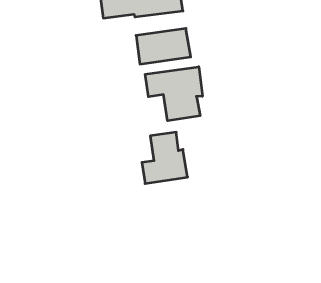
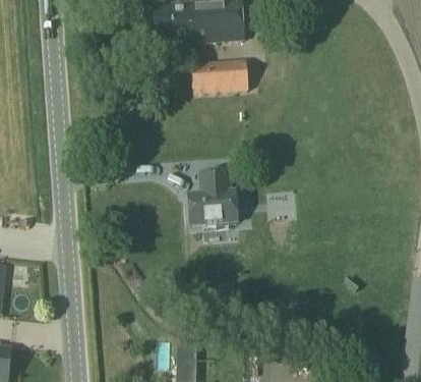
building: [145,67,202,121] -> none

